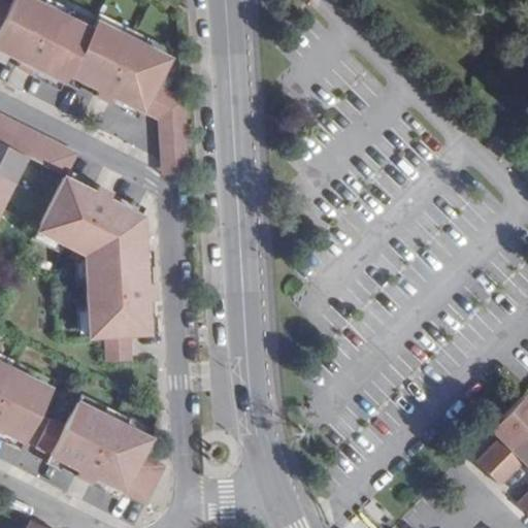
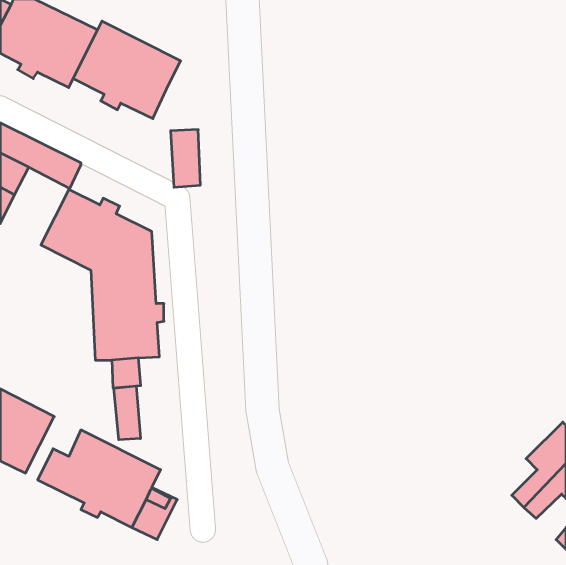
building: [142,84,185,122] -> none
building: none -> [114,386,140,440]

